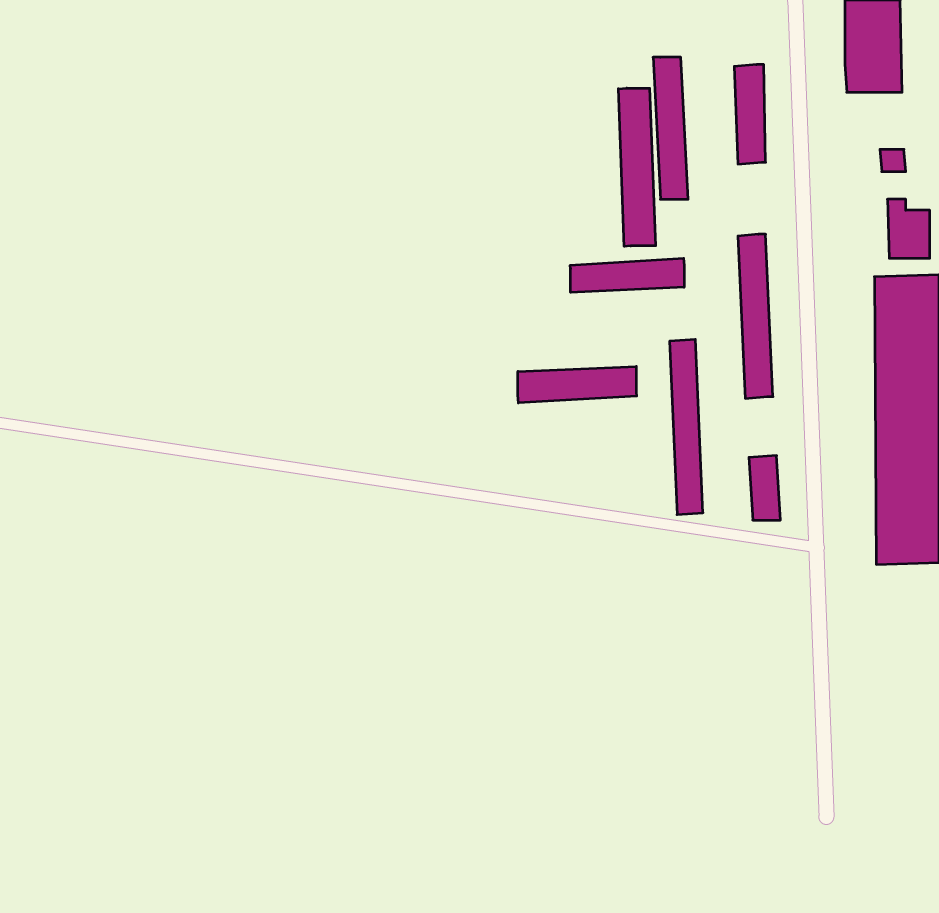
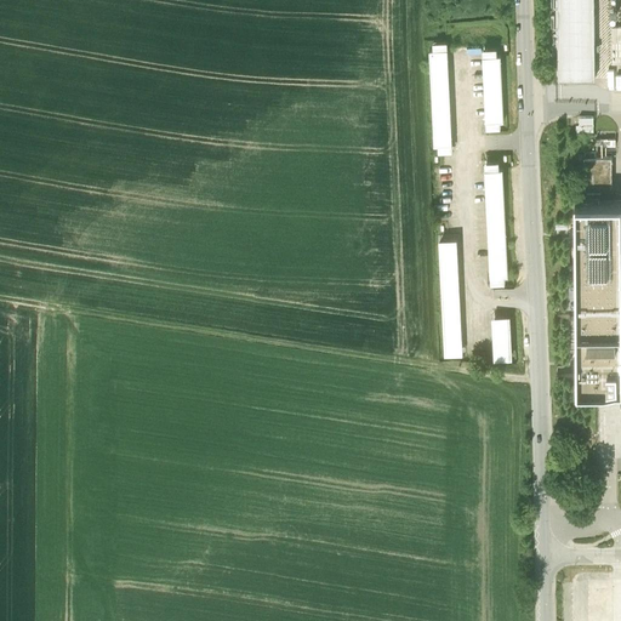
building: [618,88,656,246] -> none
building: [570,258,684,292] -> none
building: [518,366,637,403] -> none

